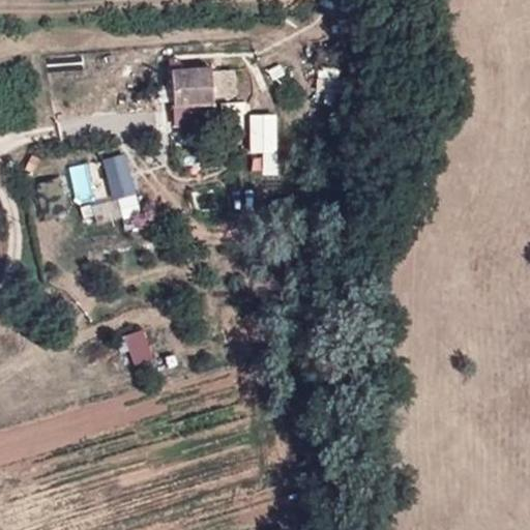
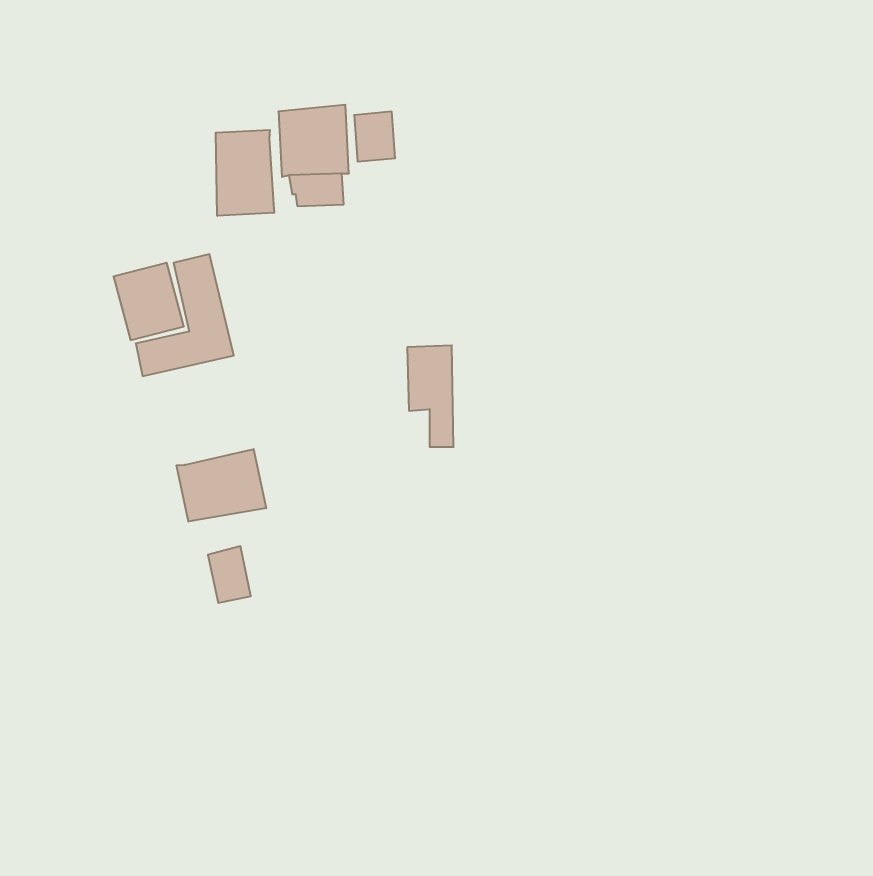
building: none -> [216,130,274,216]
building: [249,115,277,176] -> [407,345,454,447]
building: none -> [177,449,266,522]

